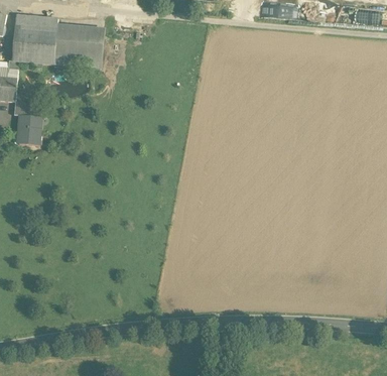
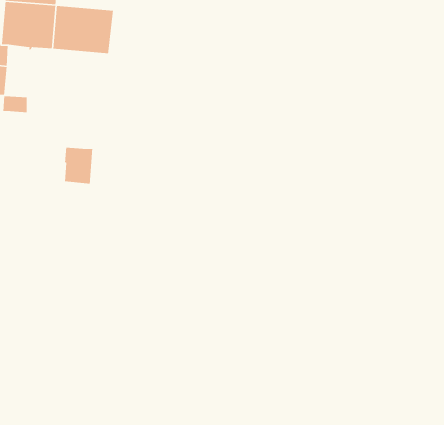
building: [18,114,41,144] -> [64,147,93,184]

